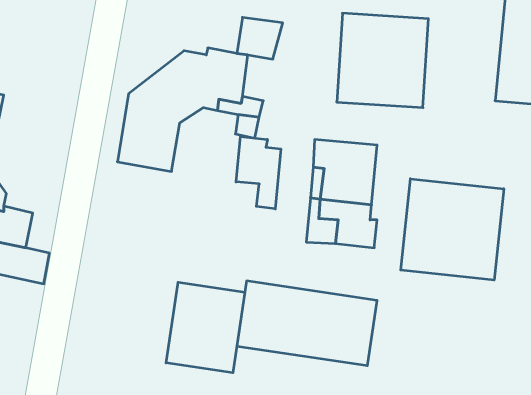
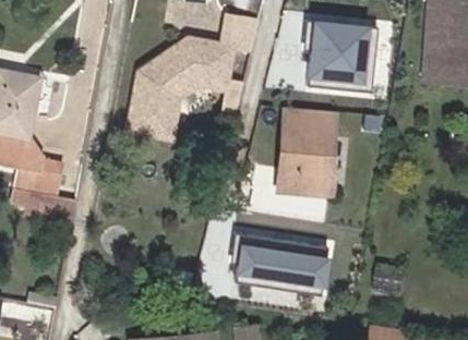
building: [236,137,281,209] -> none
building: [401,179,504,280] -> none
building: [166,282,245,373] -> none

